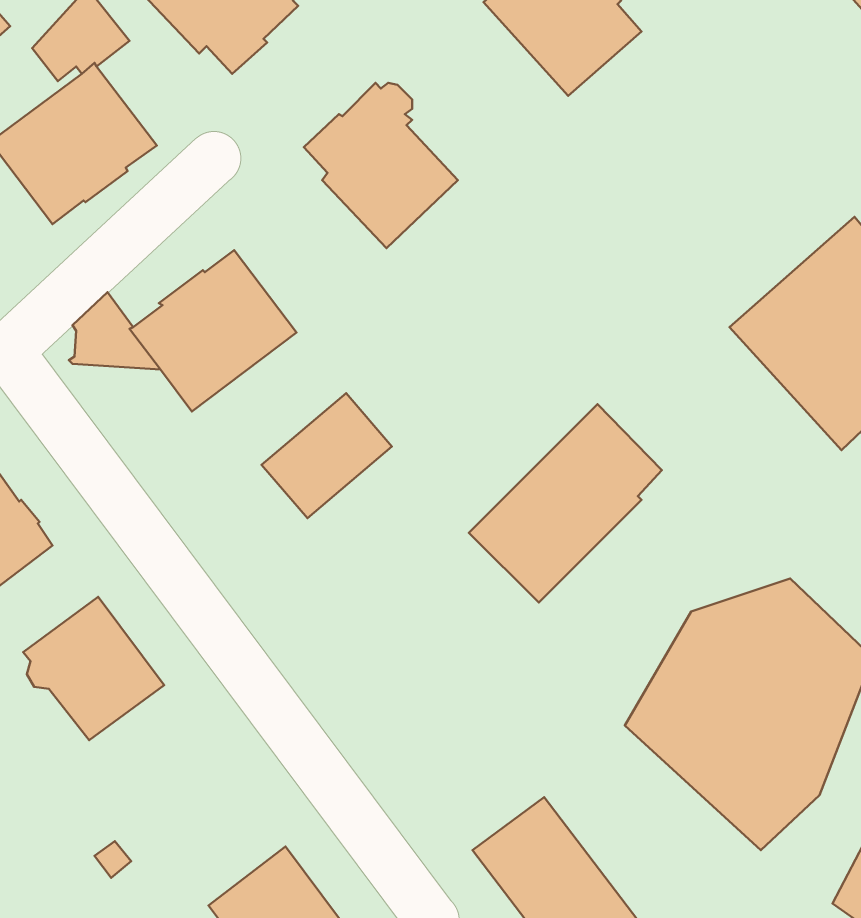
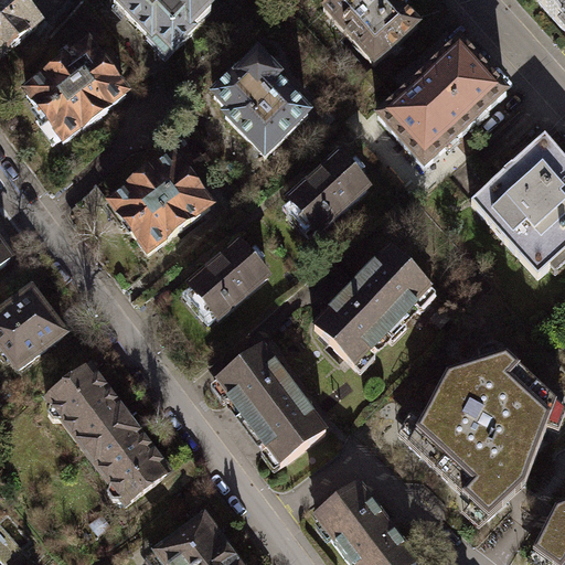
building: none -> [377,40,508,166]
building: none -> [290,153,369,230]
building: none -> [215,345,327,466]
building: none -> [86,416,171,502]

